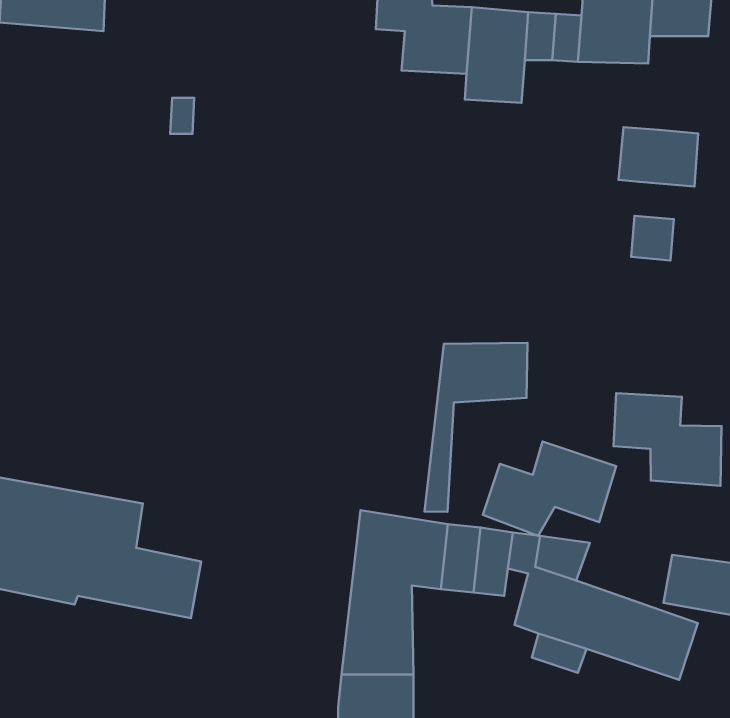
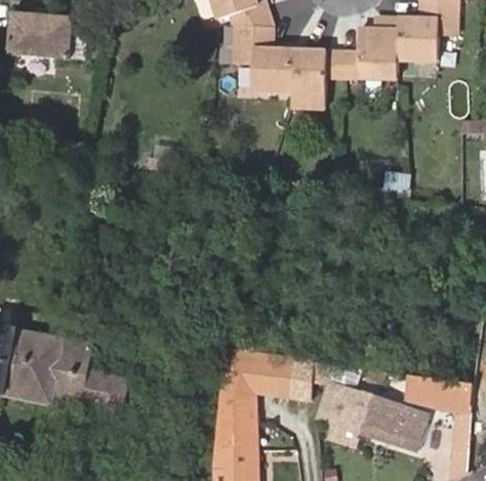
building: [618,127,698,186] -> none
building: [424,343,527,512] -> none
building: [614,393,722,486] -> none
building: [483,442,616,536] -> none

